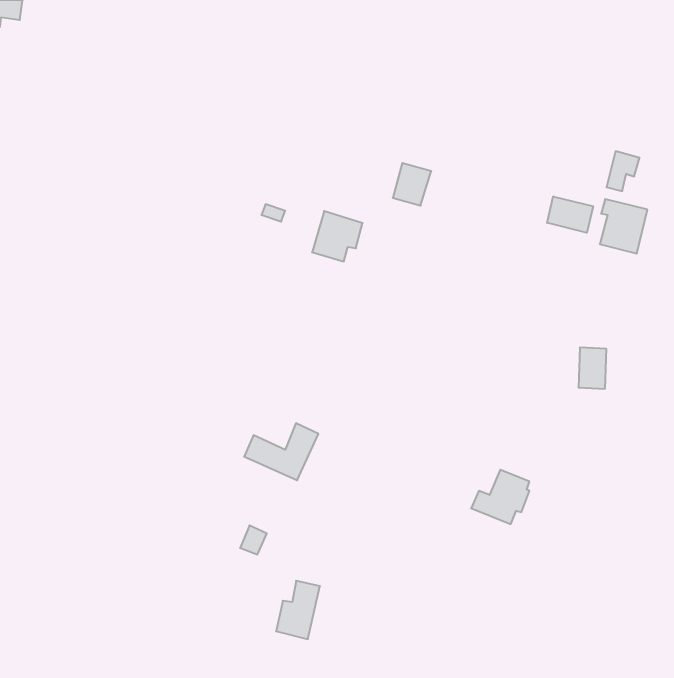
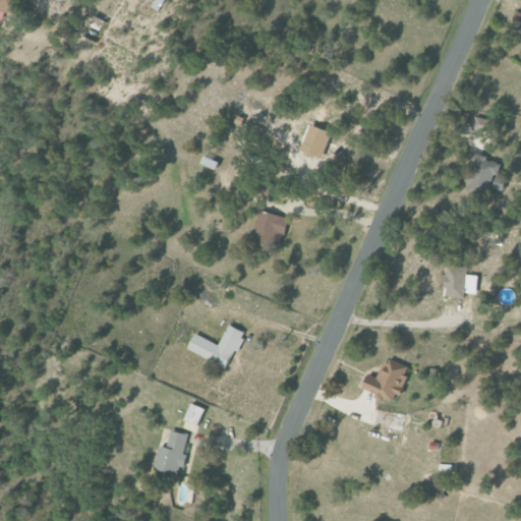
building: [547,196,593,233] -> none
building: [312,211,363,261] -> [250,210,289,248]
building: [276,581,320,639] -> [154,430,187,475]

